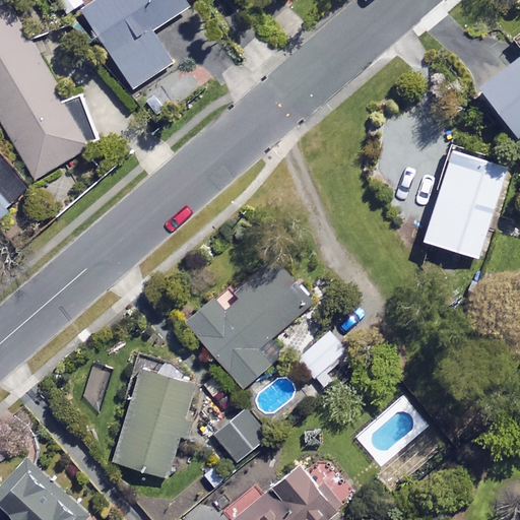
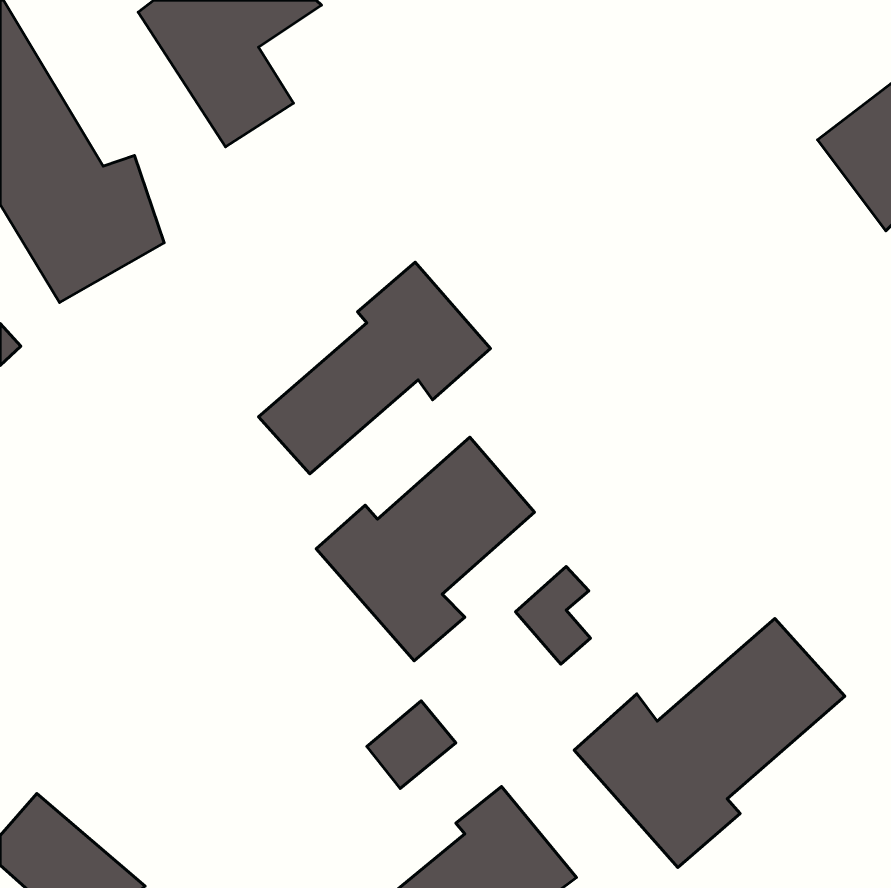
building: [421,148,507,258] -> none
building: none -> [259,262,491,474]
building: none -> [574,618,845,868]
building: [113,368,194,476] -> none

